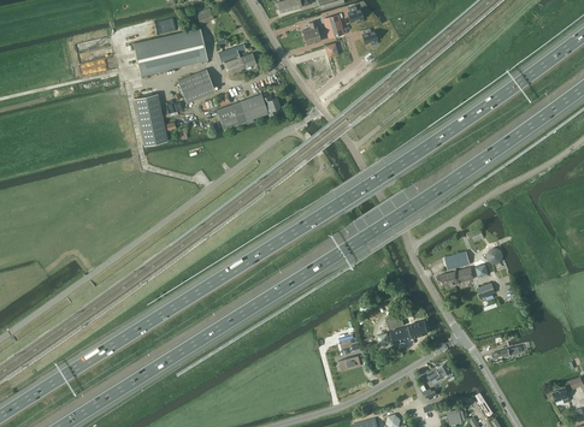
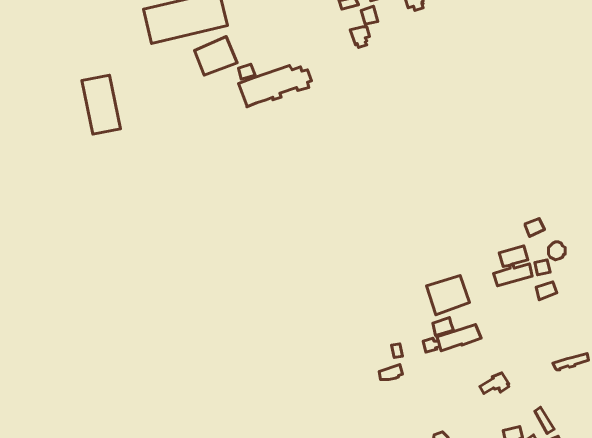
building: [217,45,255,73] -> none
building: [132,94,166,146] -> [82,75,120,134]
building: none -> [426,275,470,315]

